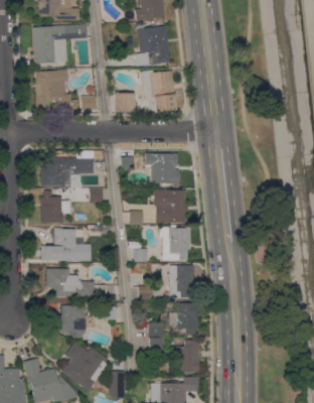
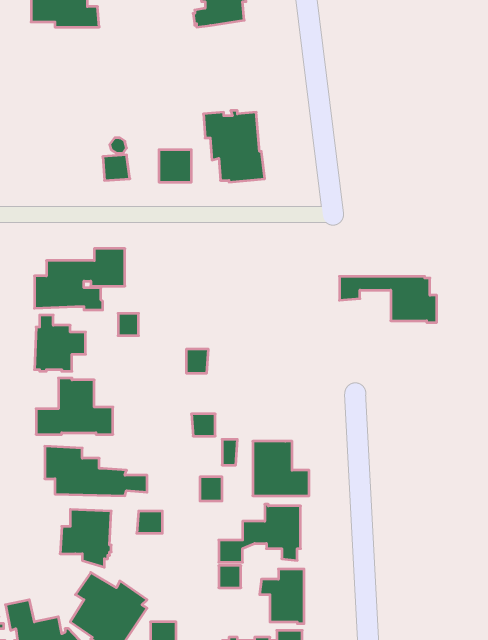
building: [32,24,87,63] -> none
building: [135,24,169,66] -> none
building: [35,70,77,111] -> none
building: [121,157,178,184] -> [339,276,437,322]
building: [153,190,185,222] -> none
building: [168,227,189,260] -> none

